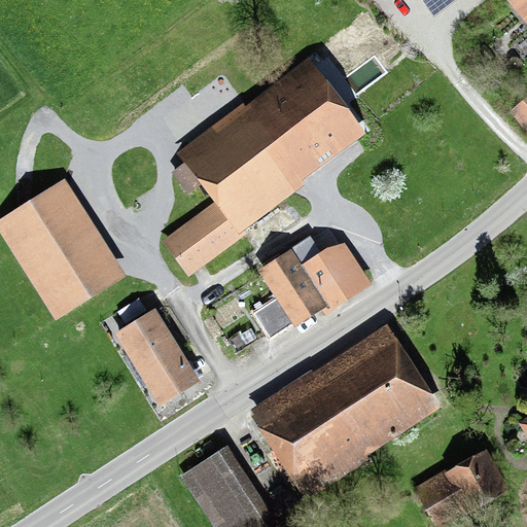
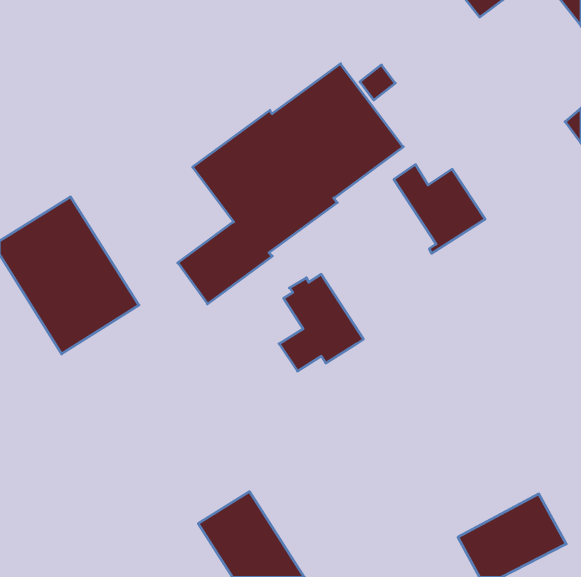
building: [290,235,373,315] -> [394,165,485,253]
building: [100,295,200,408] -> none
building: [246,324,441,503] -> none

